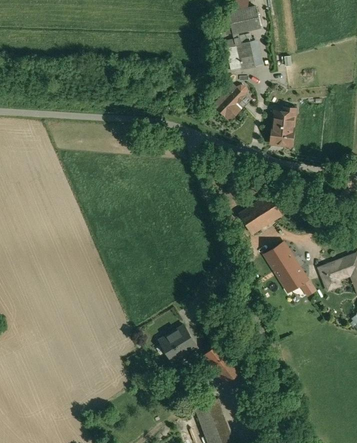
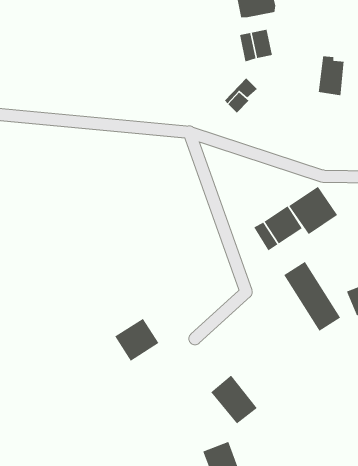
building: [271,111,294,146] -> [318,56,345,96]
building: none -> [288,186,338,235]
building: [159,324,198,362] -> [114,318,160,362]

